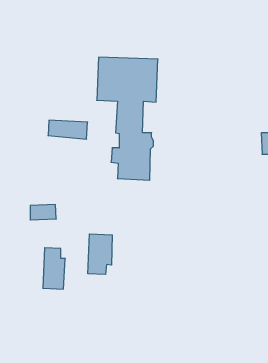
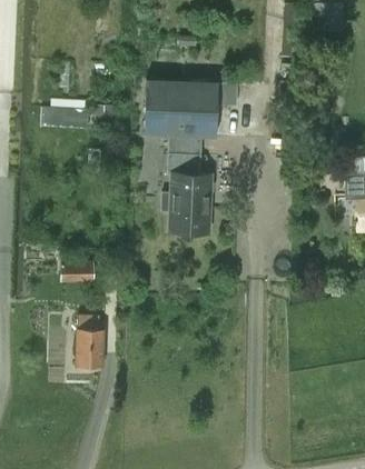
building: [48,120,88,139] -> [40,107,89,130]
building: [88,234,112,274] -> none

